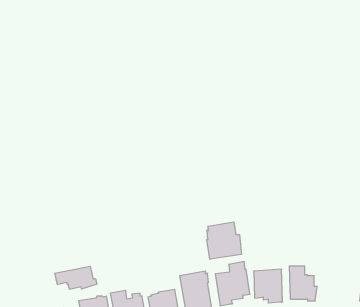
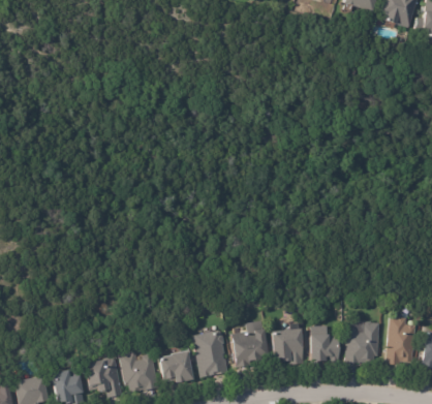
building: [207,222,241,259] -> none
building: none -> [346,321,380,363]
building: [55,266,97,289] -> none

